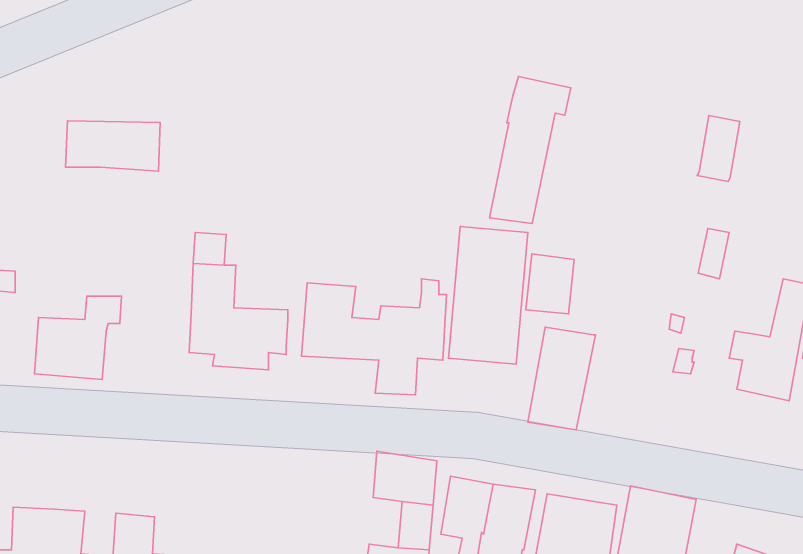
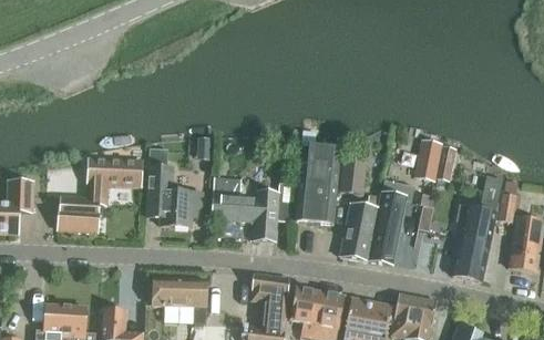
building: [489,76,571,223] -> [368,179,414,264]
building: [697,116,740,181] -> [415,141,440,178]
building: [65,121,160,171] -> [88,157,142,186]
building: none -> [452,237,490,280]
building: none -> [152,277,206,322]

